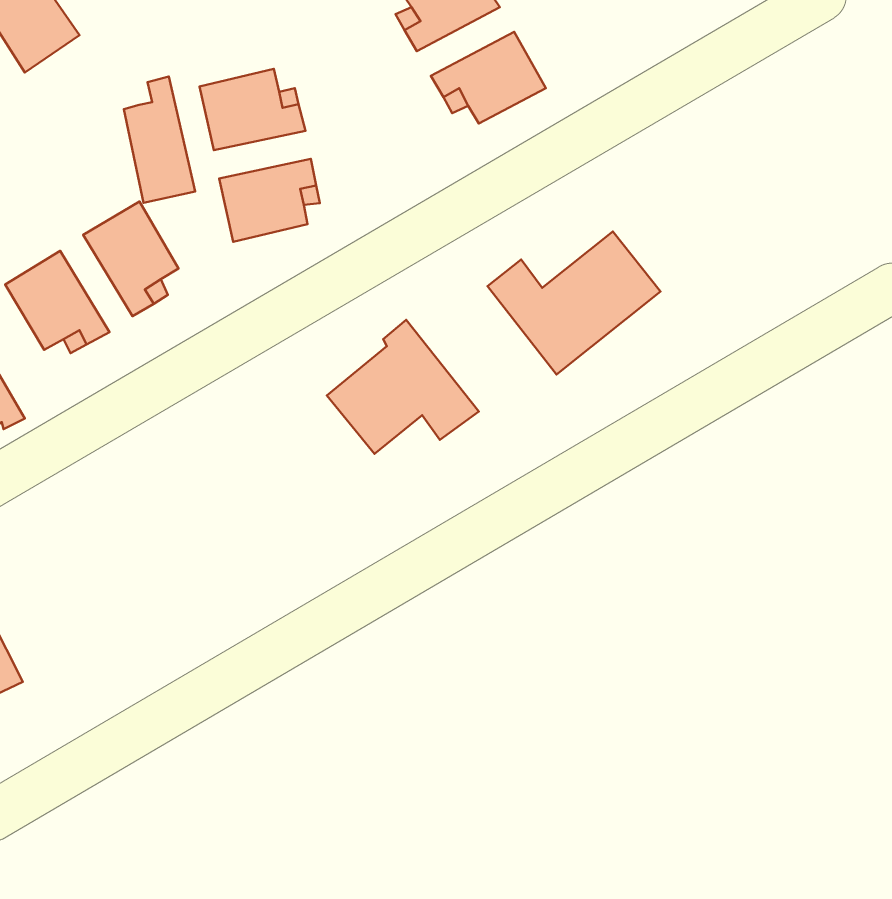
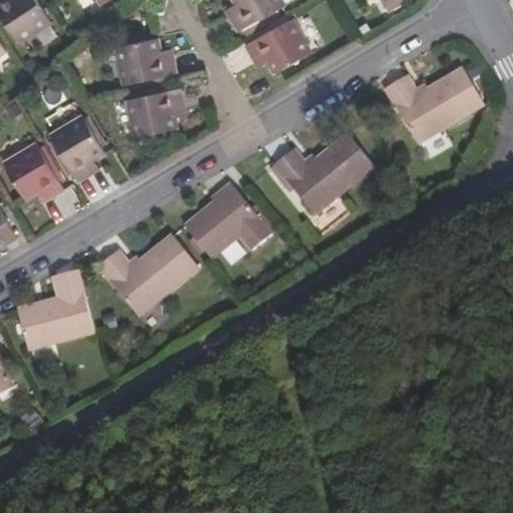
building: [124,77,195,203] -> none
building: none -> [387,69,484,143]
building: none -> [100,234,199,315]
building: none -> [20,272,94,347]

